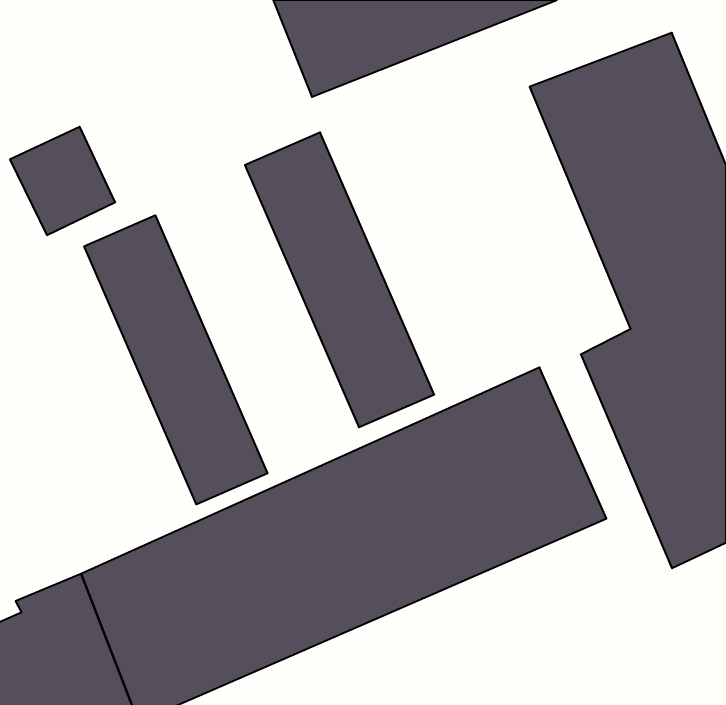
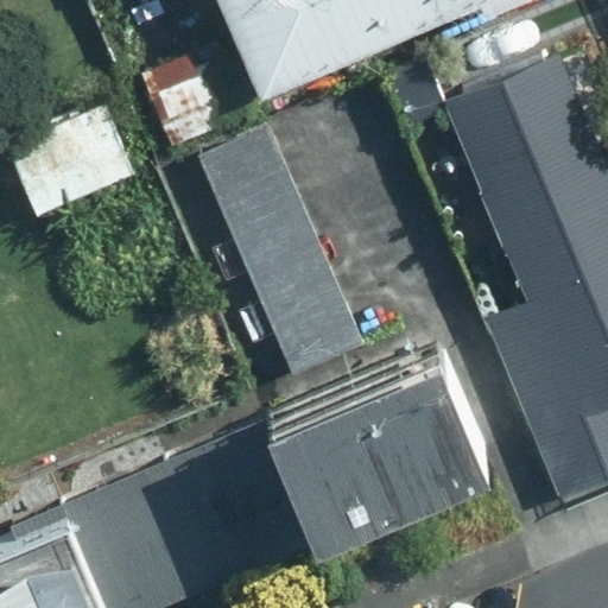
building: [84,215,267,504] -> none

